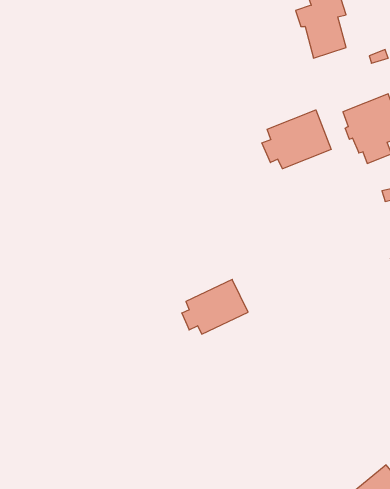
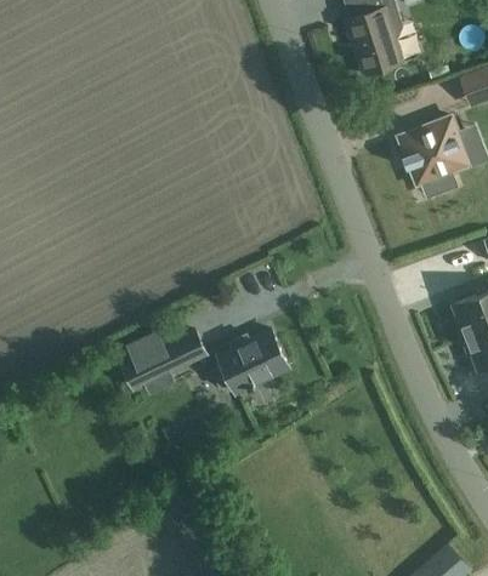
building: [262,110,331,169] -> none
building: none -> [124,329,209,390]

